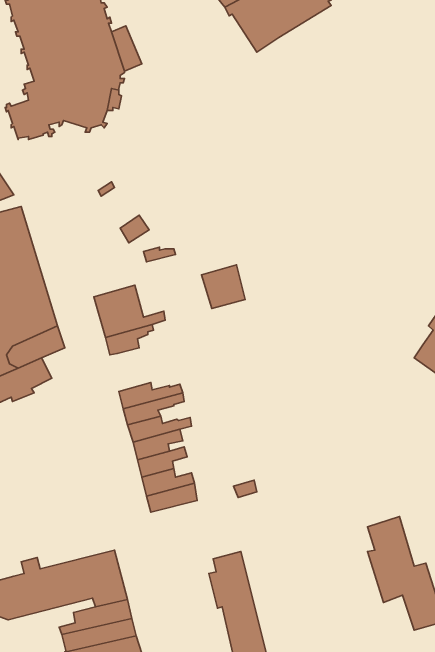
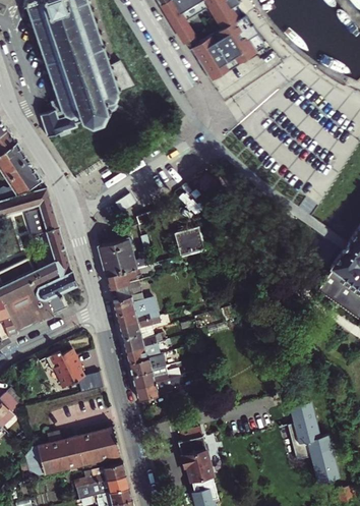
building: none -> [112,284,156,316]
building: none -> [40,348,103,392]

